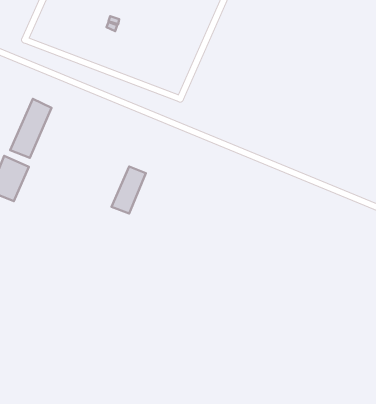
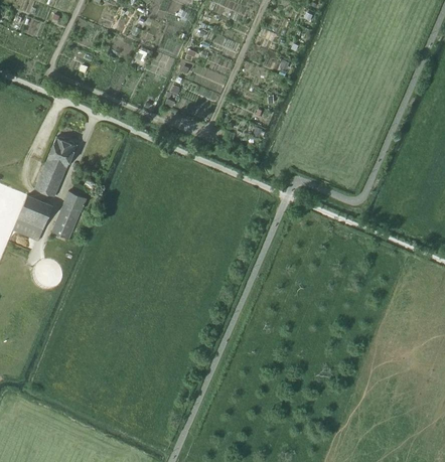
building: [111,166,146,214] -> [50,191,86,240]

